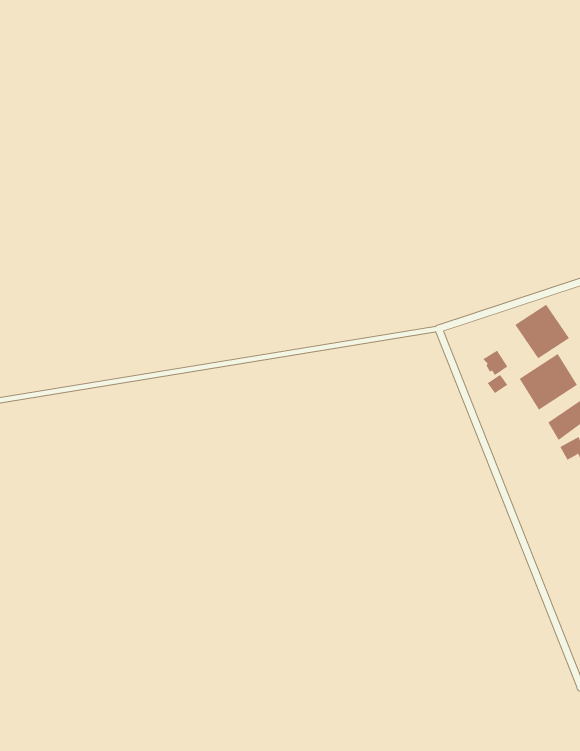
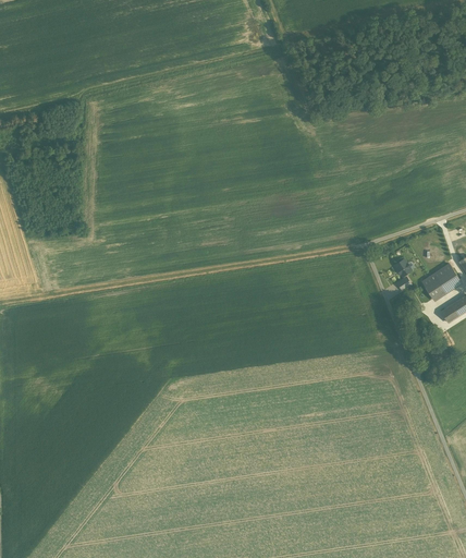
building: [514,304,570,359] -> none

